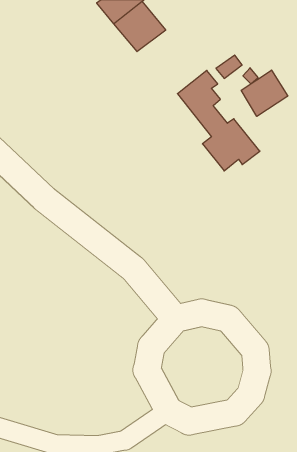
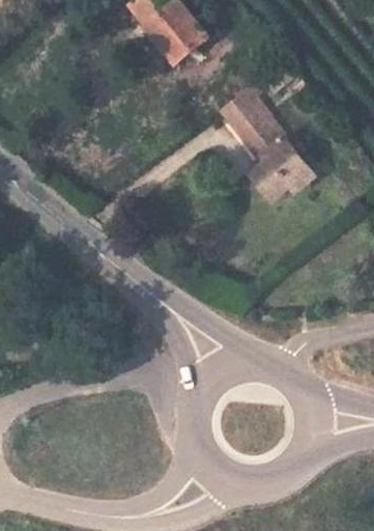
building: [241,70,288,116] -> none

